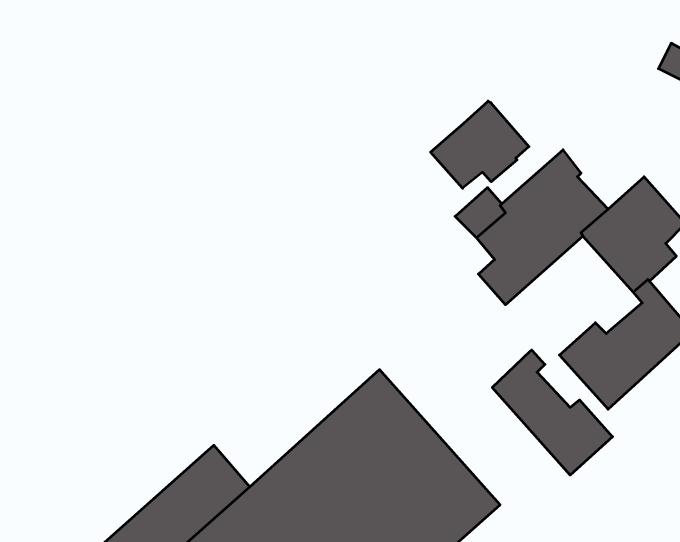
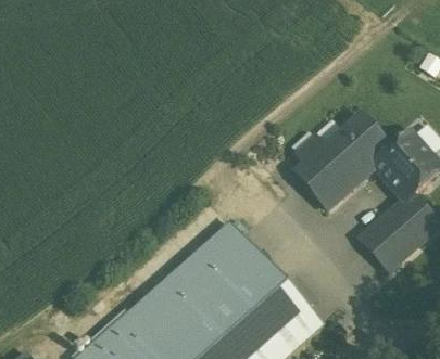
building: [431,101,529,188] -> none
building: none -> [151,219,251,315]
building: [492,350,613,475] -> none

